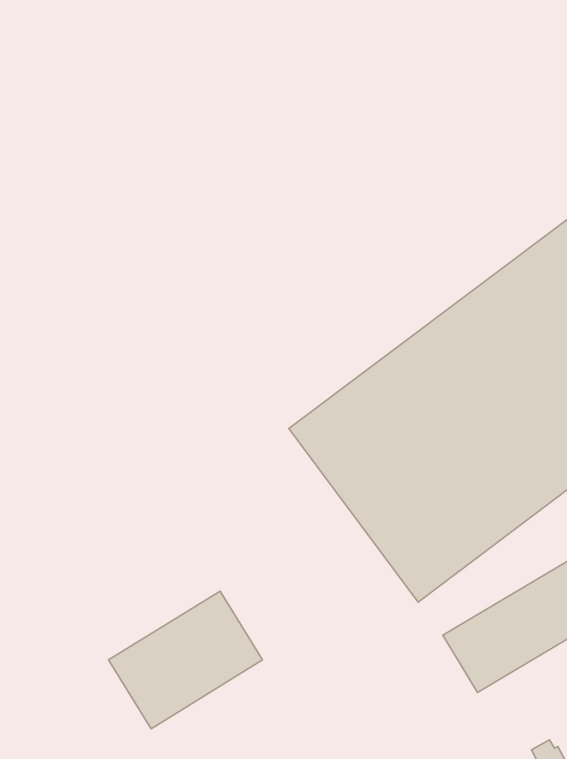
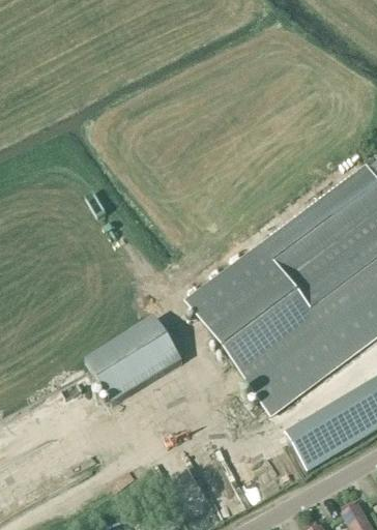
building: [109,591,263,729] -> [85,315,182,402]

